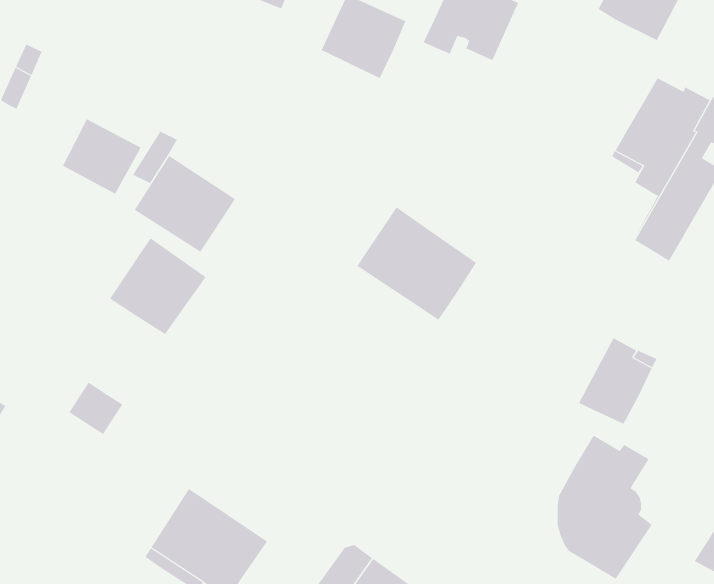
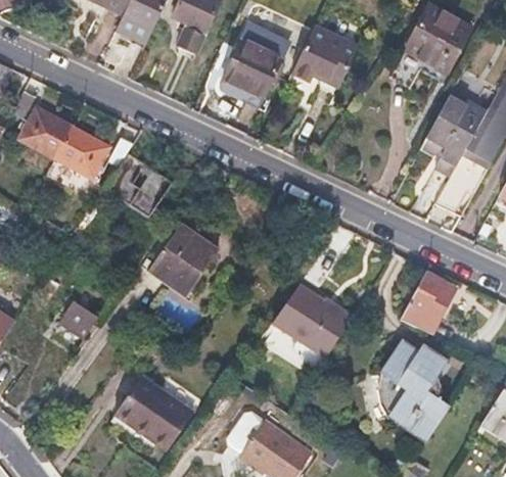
building: none -> [15,105,68,156]
building: [357,206,477,320] -> [268,281,349,357]
building: [109,237,207,335] -> [148,220,214,285]

